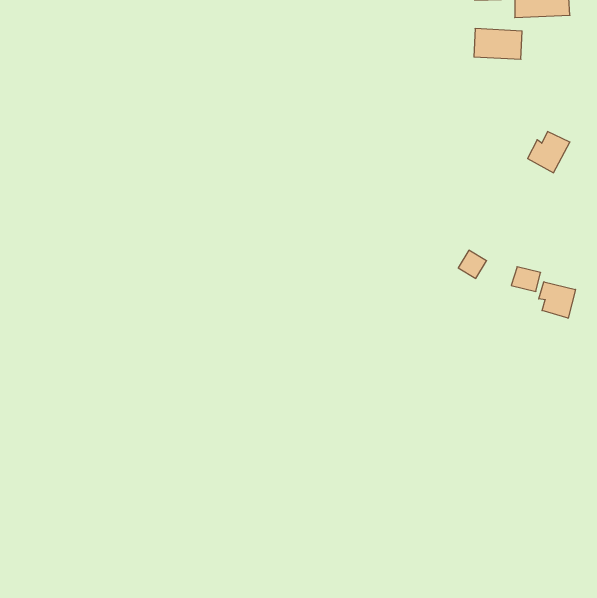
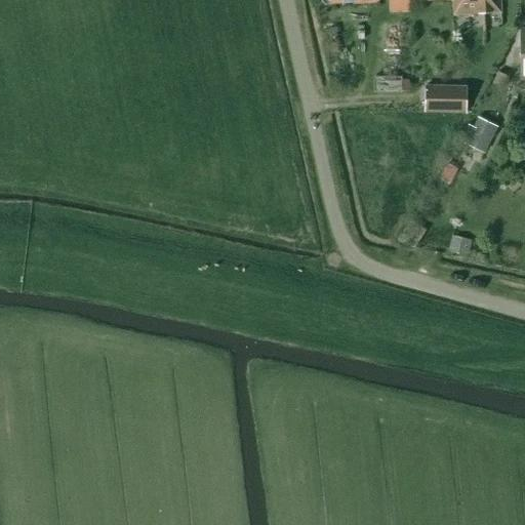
building: [474,29,522,59] -> [423,85,466,112]
building: [539,282,575,318] -> none

